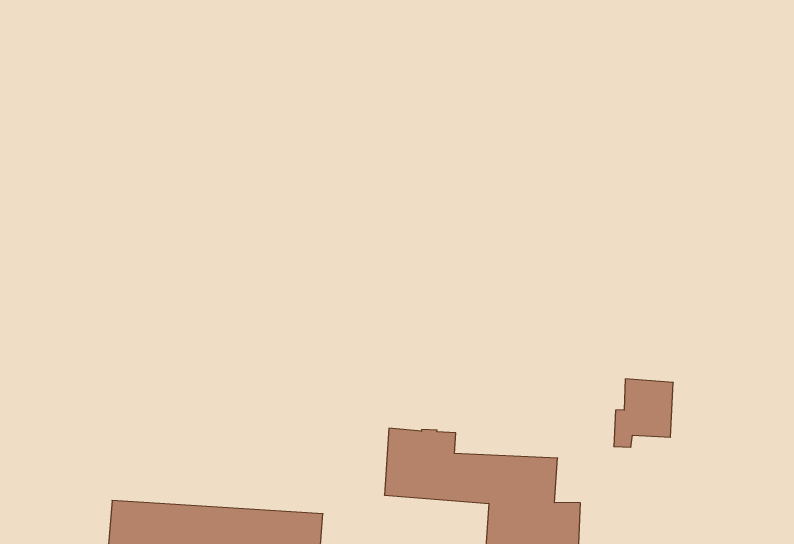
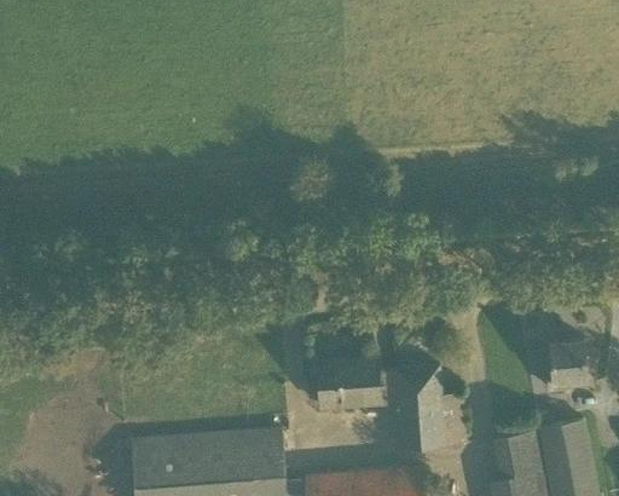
building: [614,379,673,447] -> [548,341,589,392]

